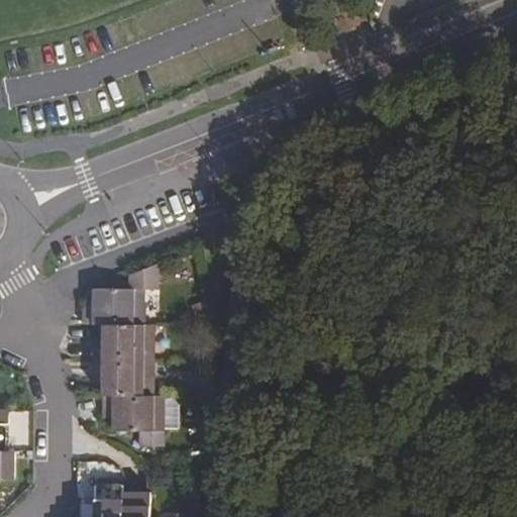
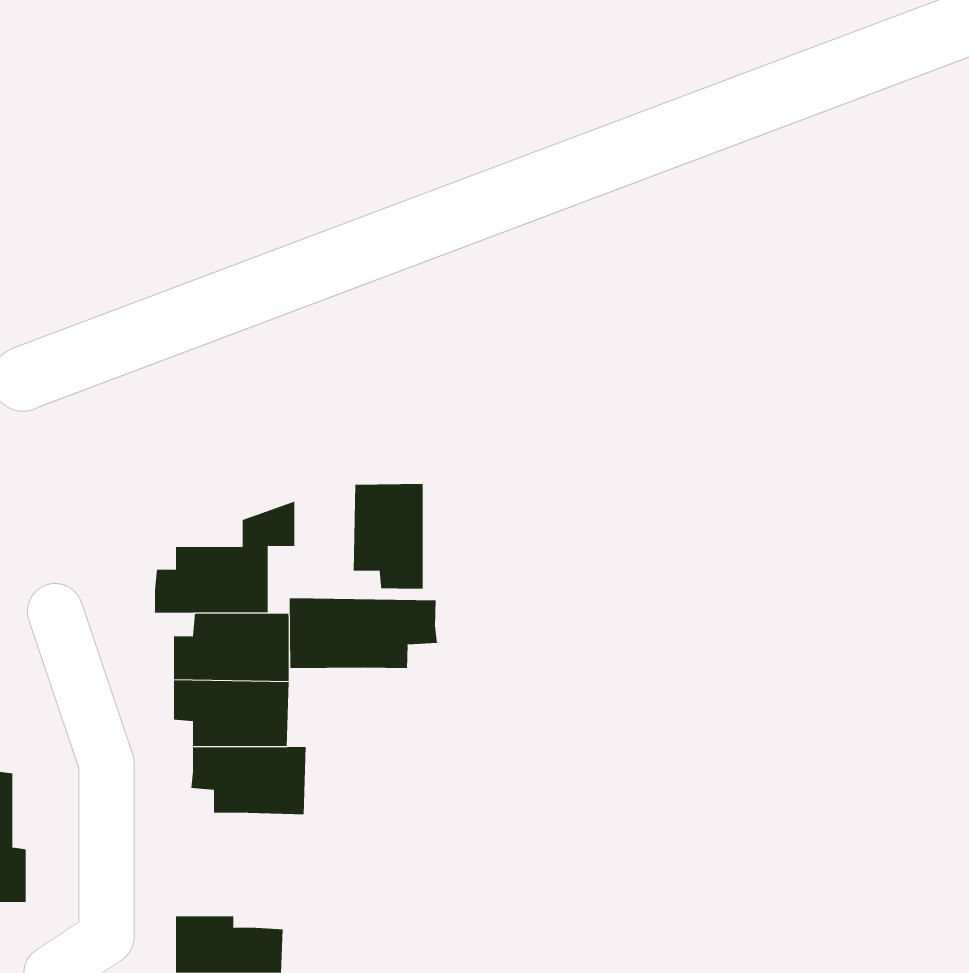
building: none -> [353,483,423,590]
building: none -> [289,598,437,669]

